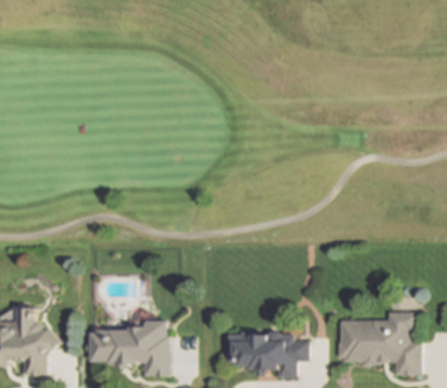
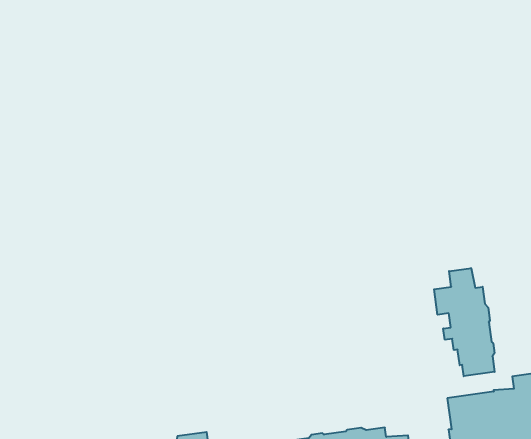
building: none -> [434,268,495,376]

